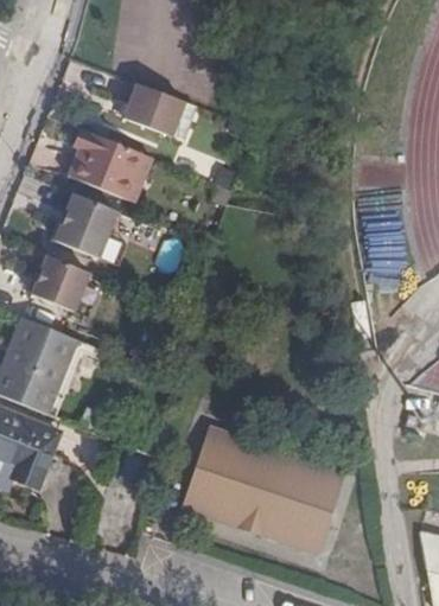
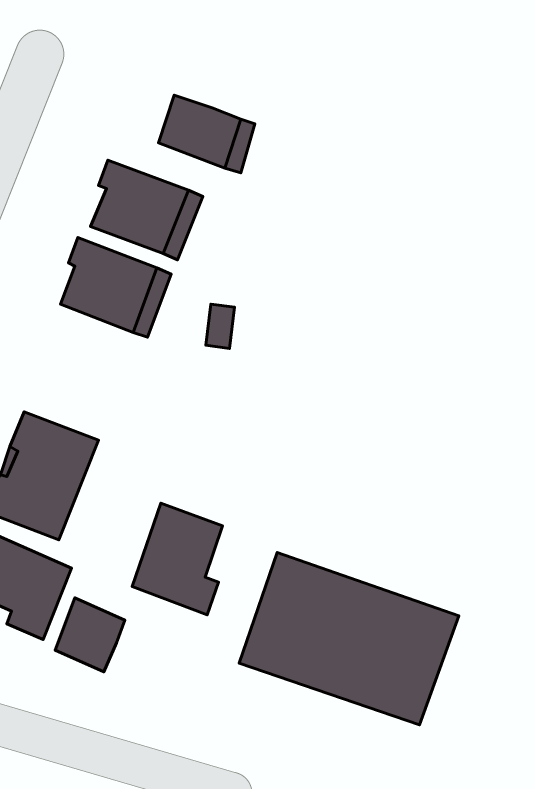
building: [21,254,89,325] -> none
building: none -> [132,503,223,615]
building: none -> [55,598,125,672]

